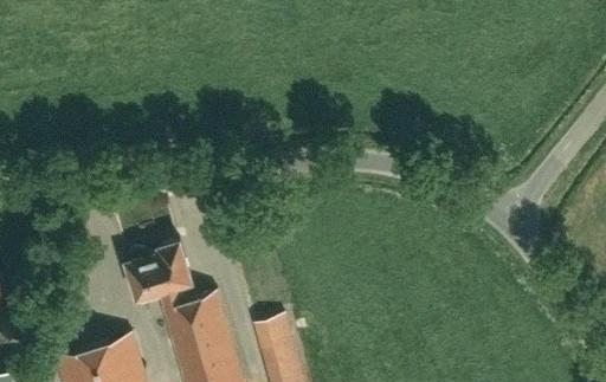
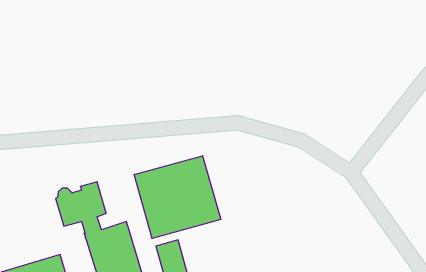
building: none -> [134,156,221,239]

